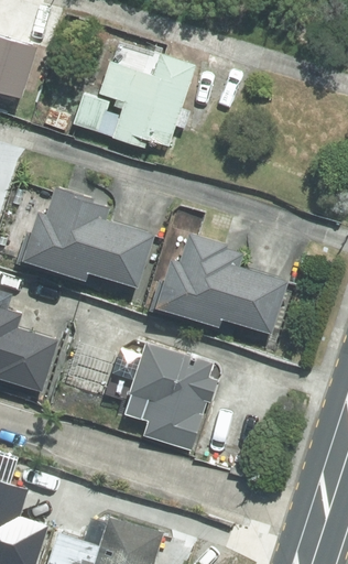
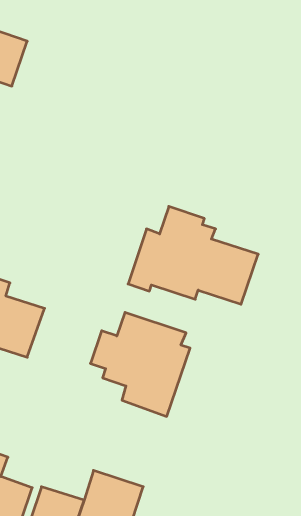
building: [69,54,196,152] -> none
building: [19,185,157,289] -> none

